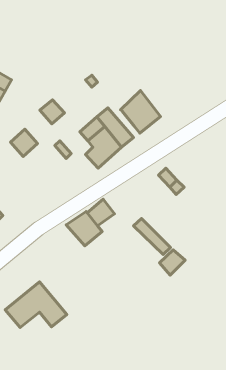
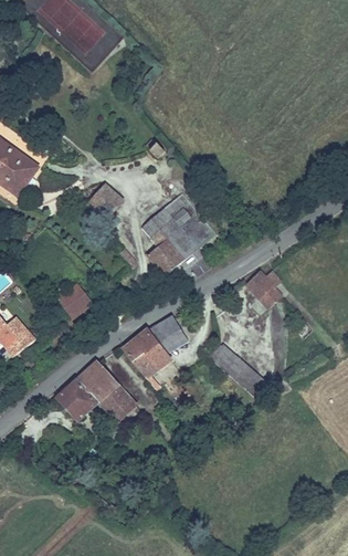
building: [120,90,160,133] -> none
building: [10,129,38,156] -> [50,277,87,315]
building: [159,250,185,275] -> none
building: [5,282,67,327] -> [51,364,136,427]

